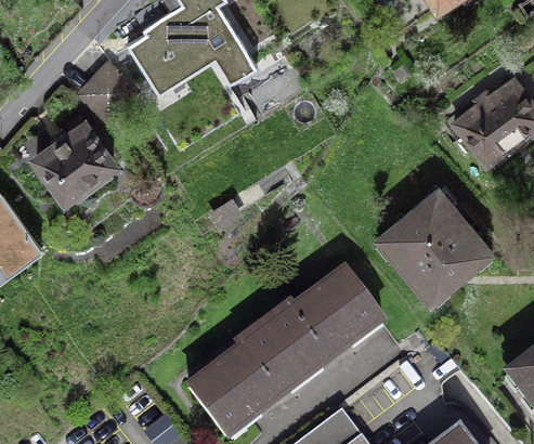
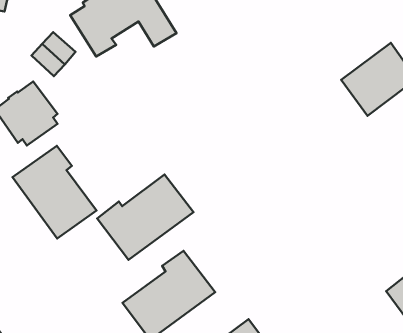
building: [379,187,491,299] -> none
building: none -> [12,146,96,238]
building: [264,274,380,377] -> [97,175,193,260]

